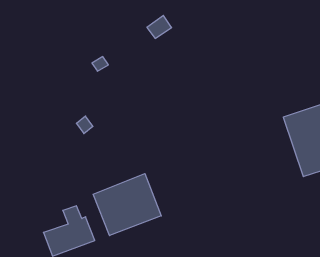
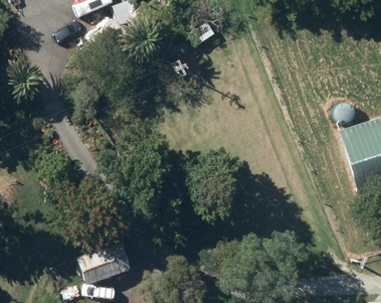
building: [93,174,161,236] -> none

